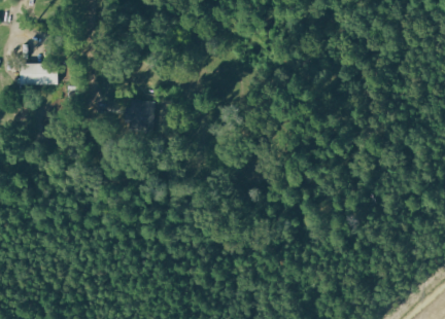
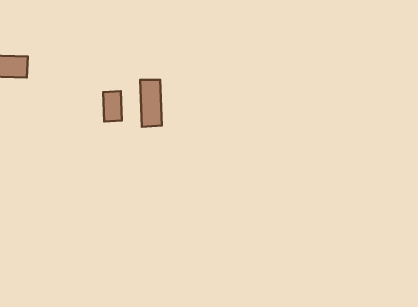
building: none -> [140,80,162,127]

